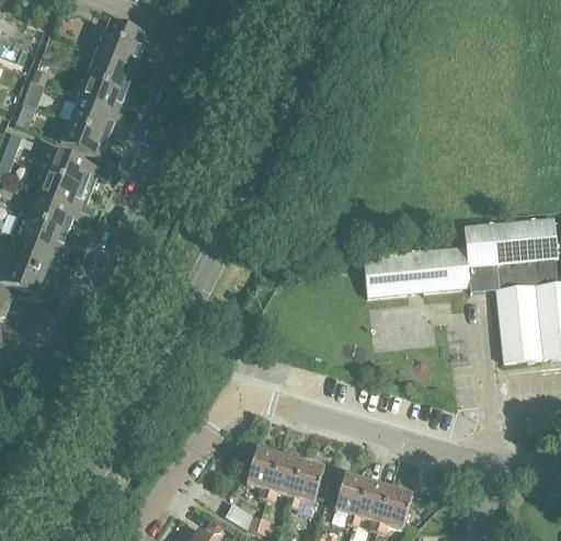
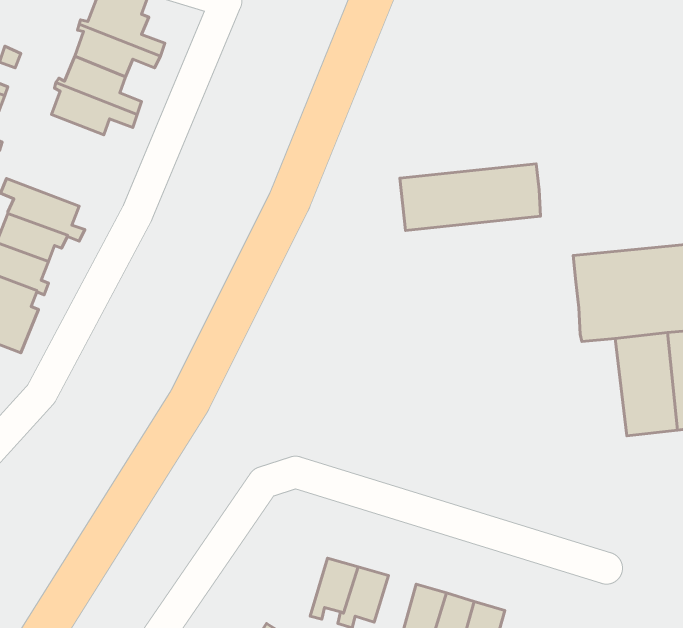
building: [56,119,122,164] -> none
building: [36,145,108,188] -> none
building: [363,245,469,296] -> [400,164,541,231]
building: [247,447,278,497] -> none

